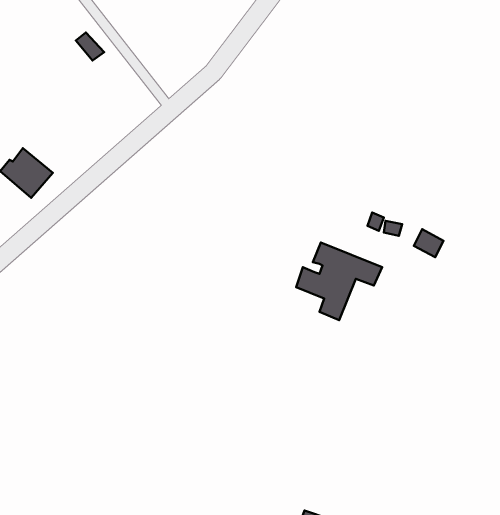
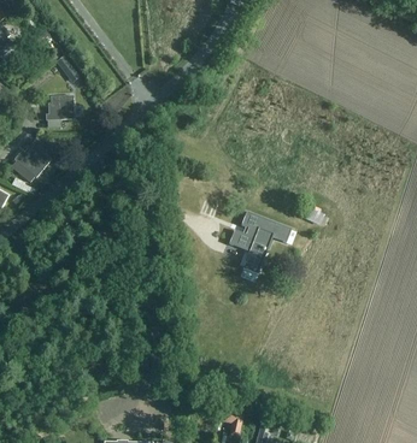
building: none -> [45,96,72,120]

